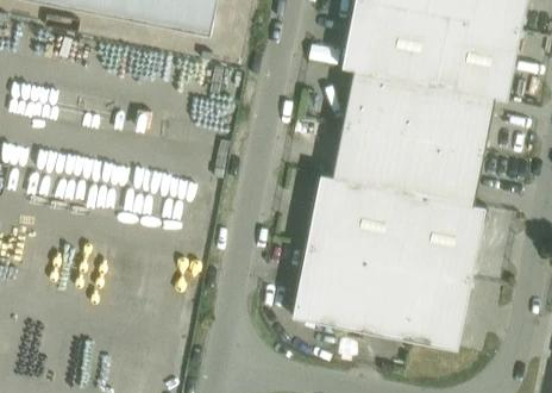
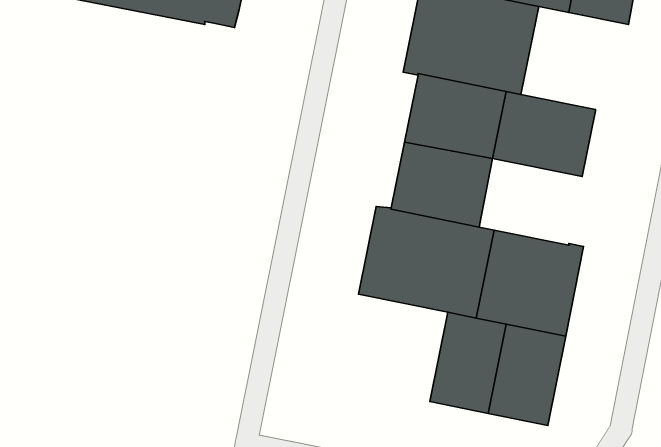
building: [437,15,522,100] -> none
building: [403,137,485,206] -> none
building: [293,245,378,331] -> none

